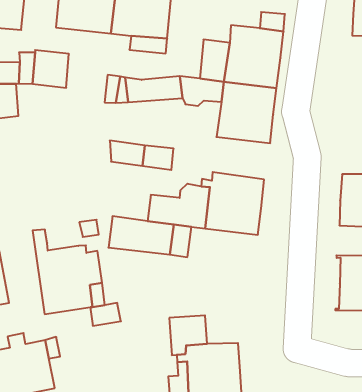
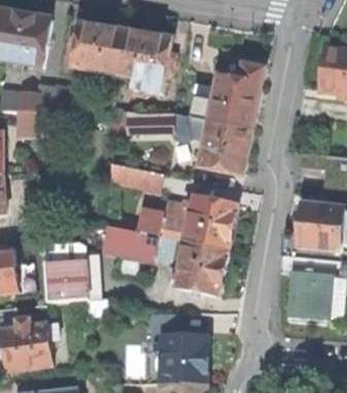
building: none -> [169,240,228,294]

